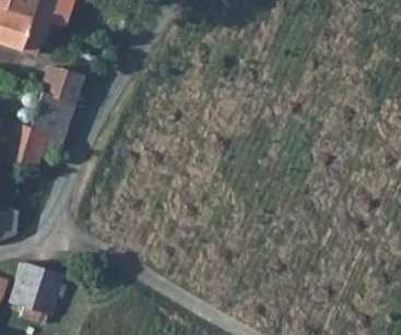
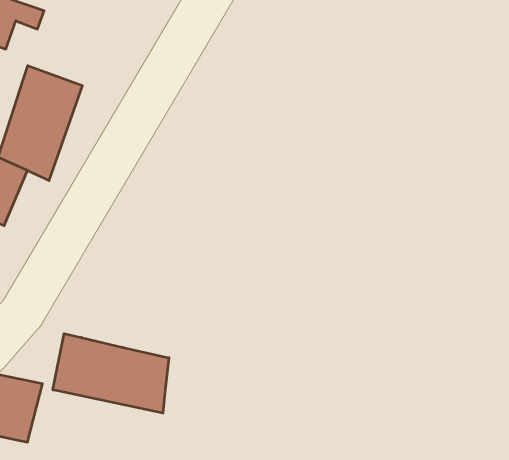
building: none -> [53,334,169,413]

